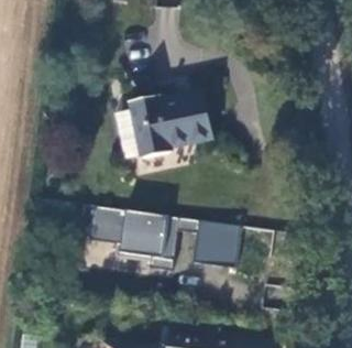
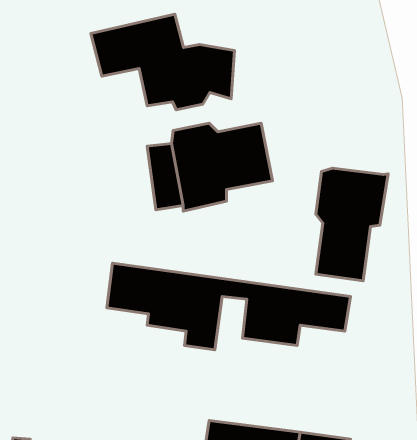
building: none -> [91,14,234,110]
building: none -> [316,168,388,281]

